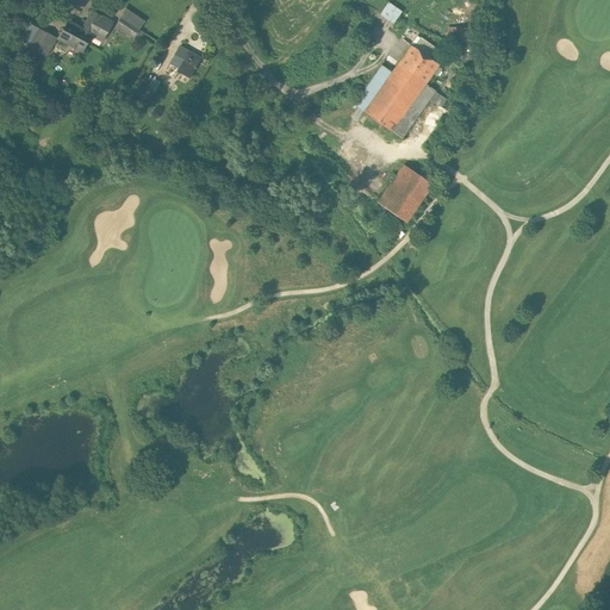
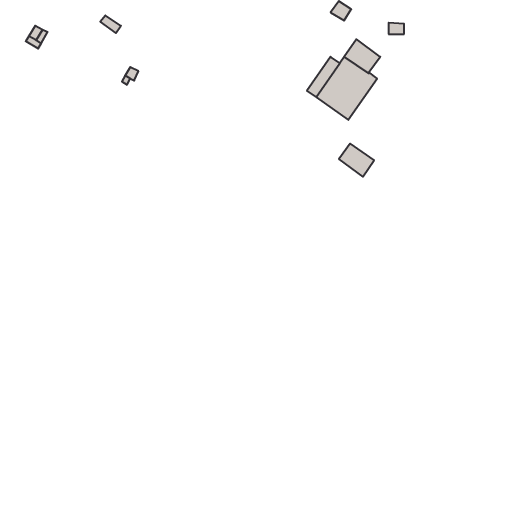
building: [58,11,113,52] -> none
building: [170,46,200,79] -> none
building: [378,183,418,222] -> none

